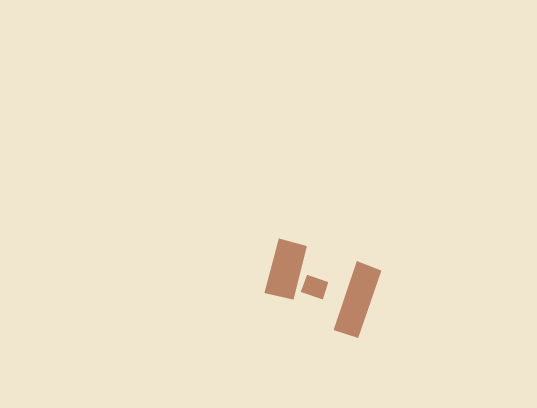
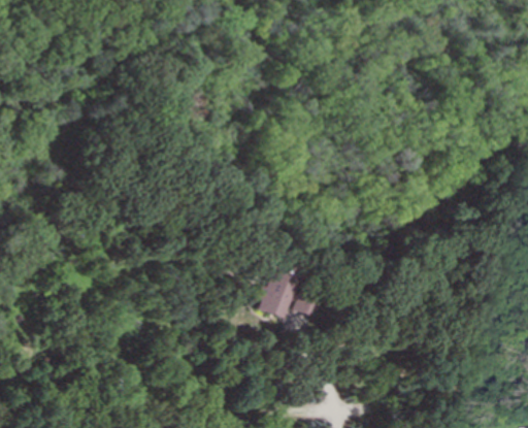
building: [333,260,382,339] -> none

